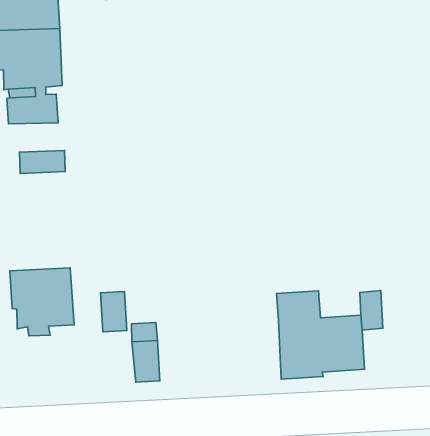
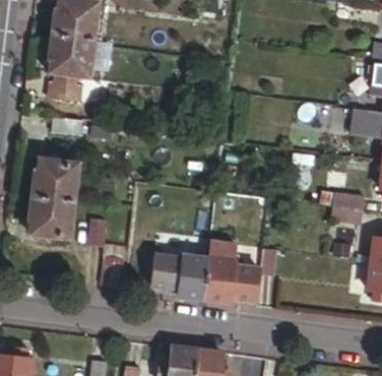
building: none -> [33,153,78,199]
building: none -> [150,256,206,299]

